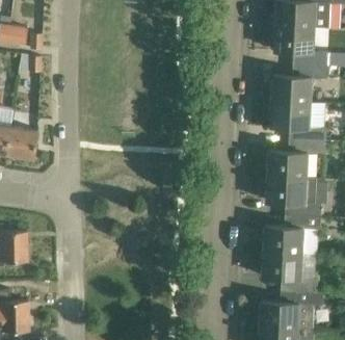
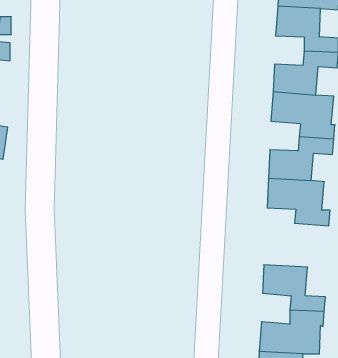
building: [264,215,321,254] -> none

